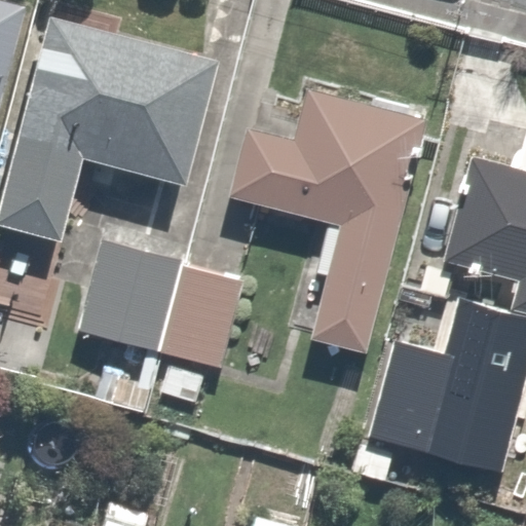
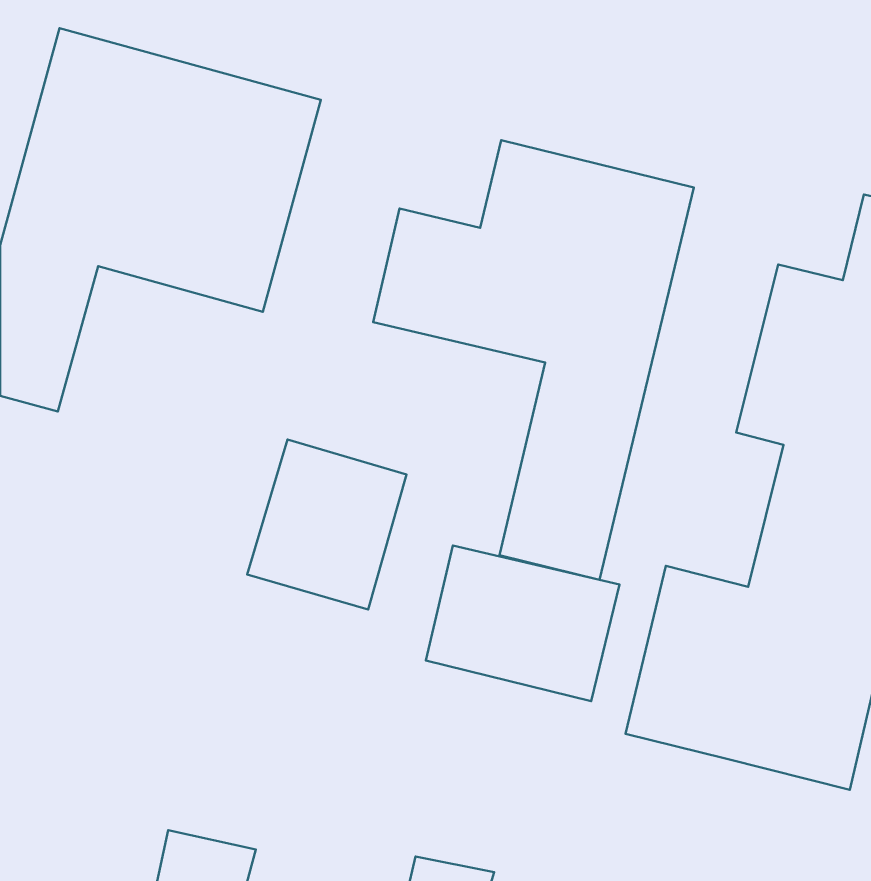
building: [77,242,183,358] -> none
building: none -> [426,545,619,701]

